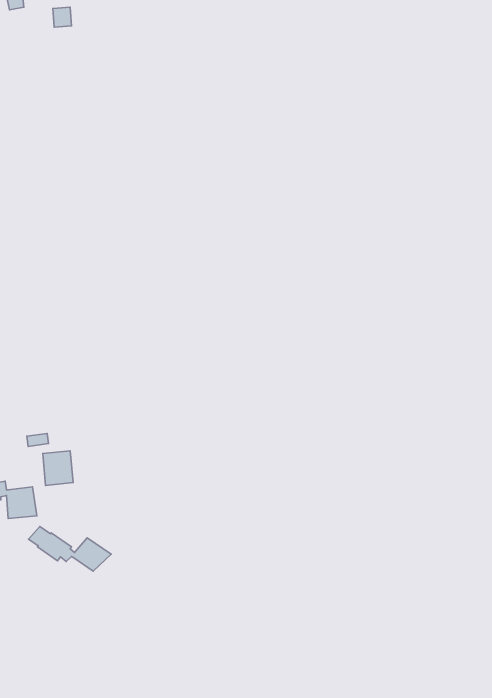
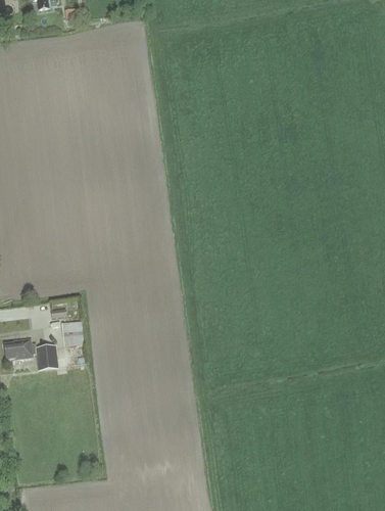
building: [29,526,111,571] -> none

